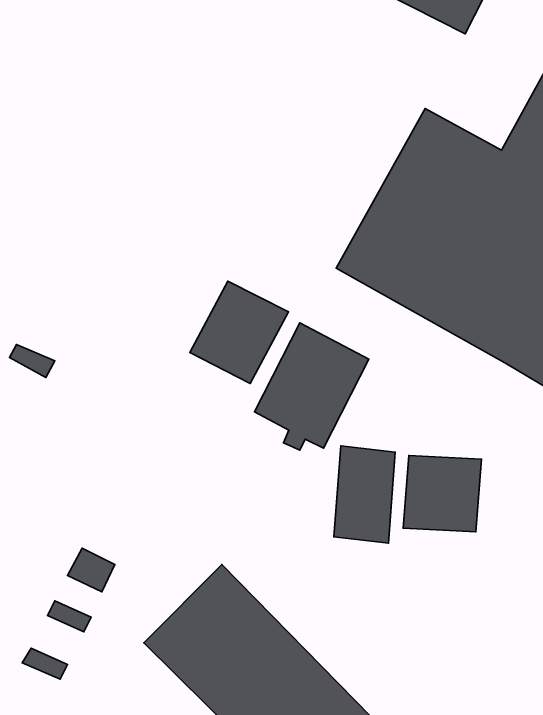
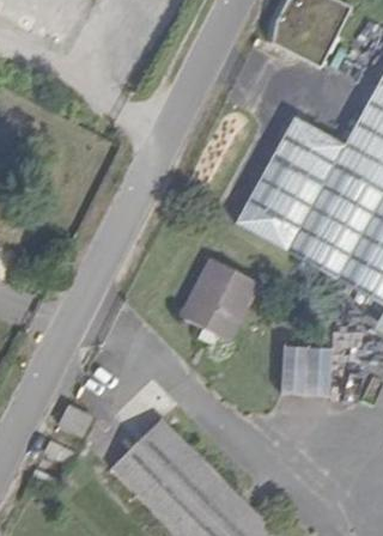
building: [190,281,289,383] -> none
building: [334,446,395,543] -> none

